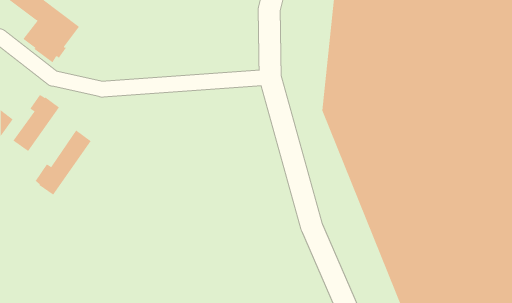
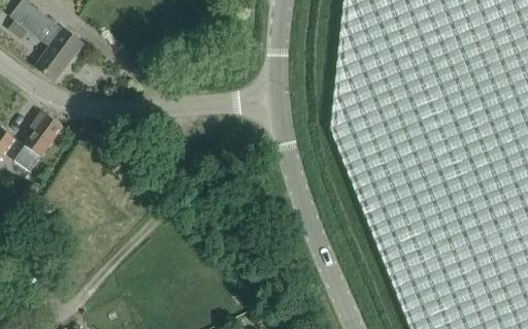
building: [35,130,92,195] -> none

